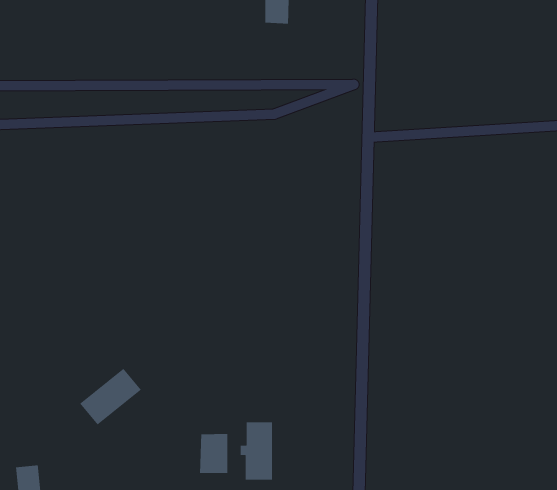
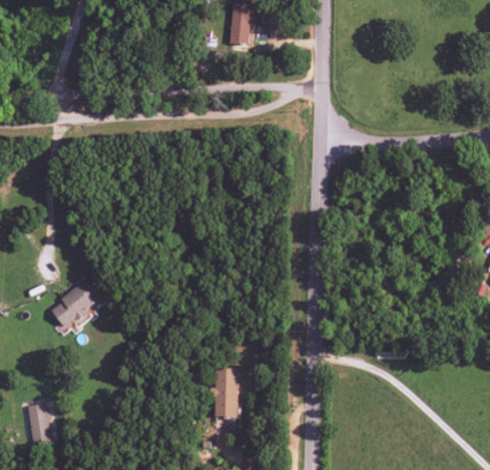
building: [79,368,142,425] -> [50,281,101,328]
building: [199,433,228,474] -> none

